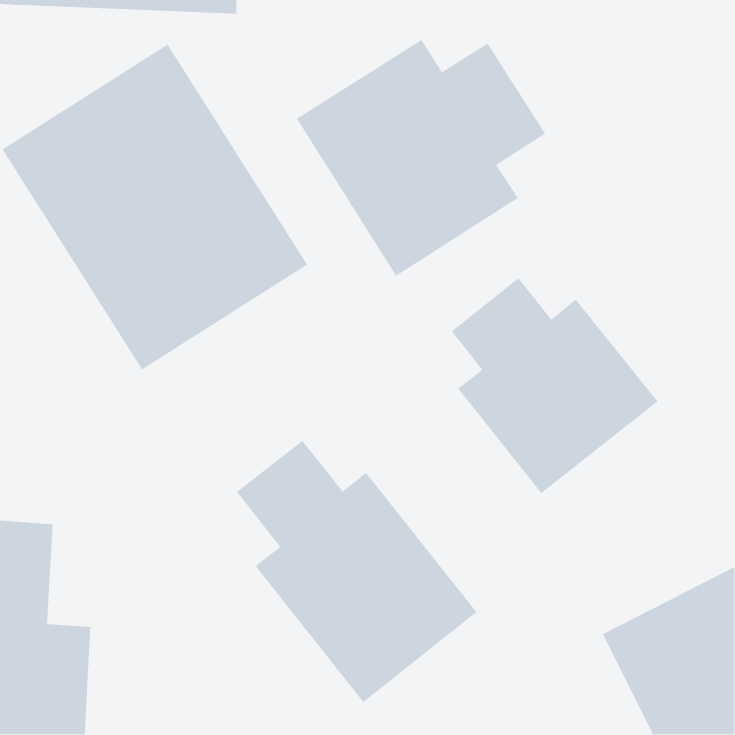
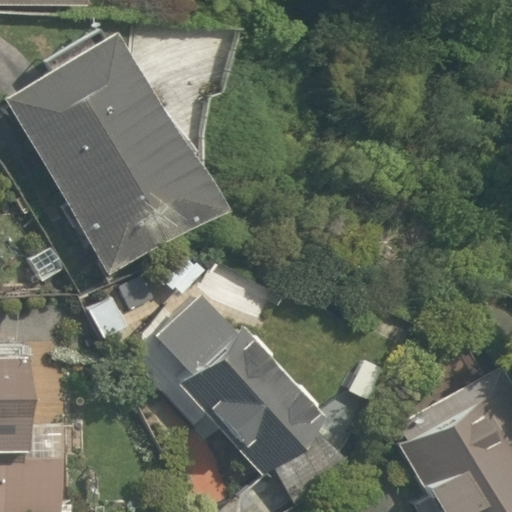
building: [296,39,546,277] -> none
building: [451,277,658,494] -> none

